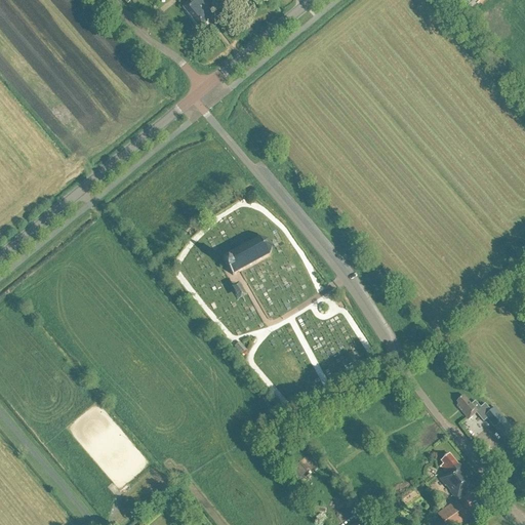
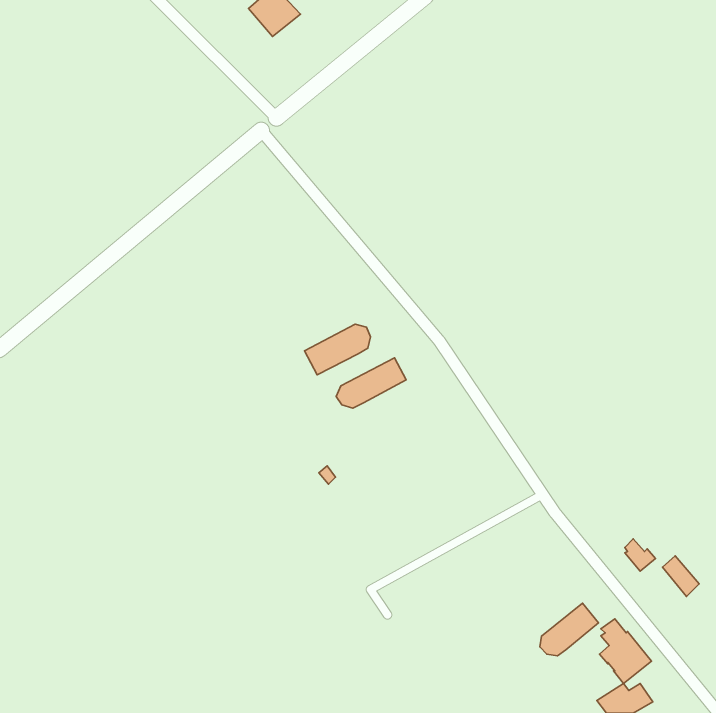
building: none -> [336,358,406,408]
building: none -> [540,603,598,656]

